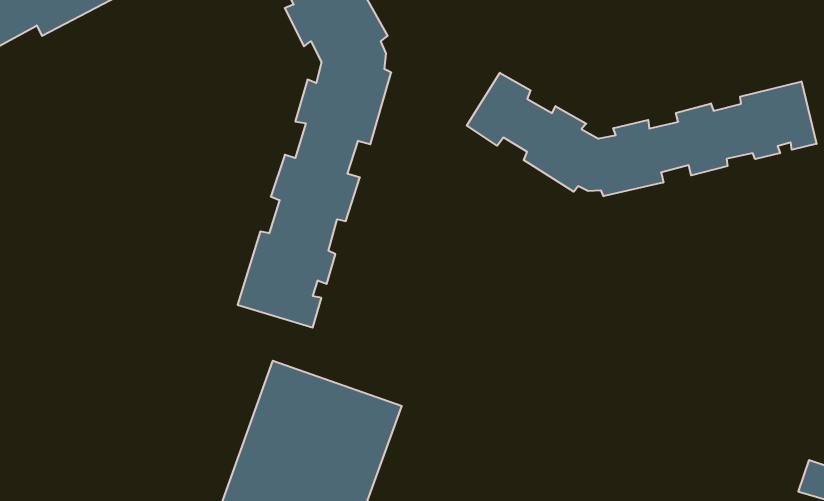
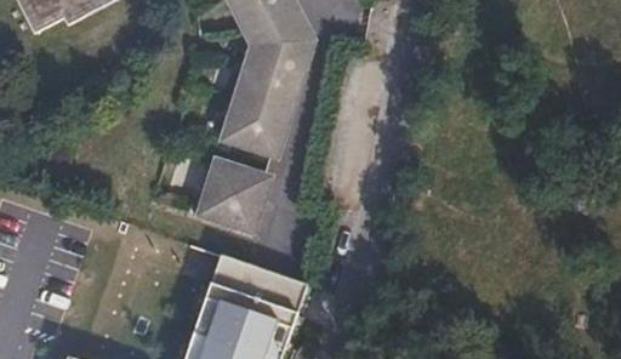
building: [467,73,817,196] -> none

